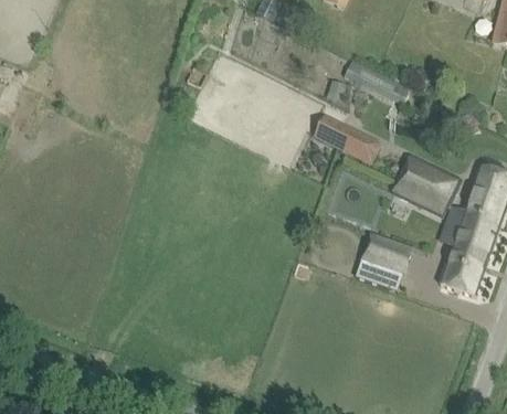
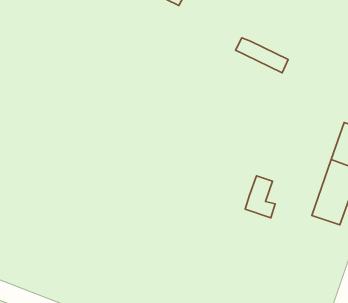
building: [313,112,381,161] -> none
building: [393,156,451,214] -> none

